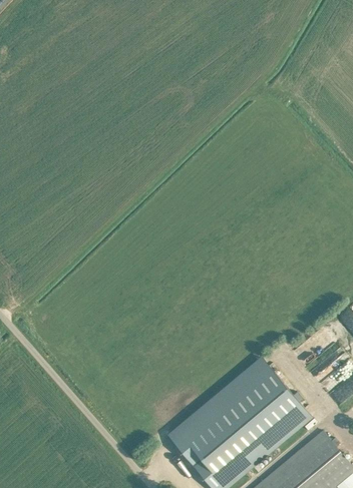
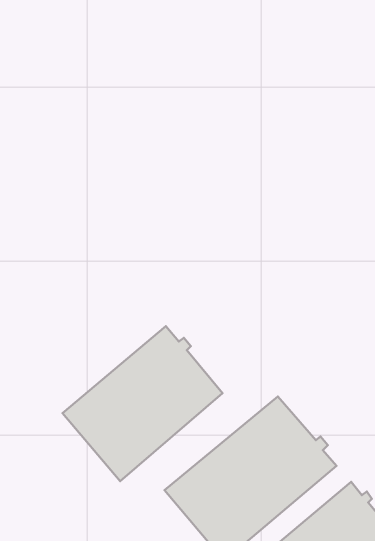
building: none -> [62,326,223,481]

